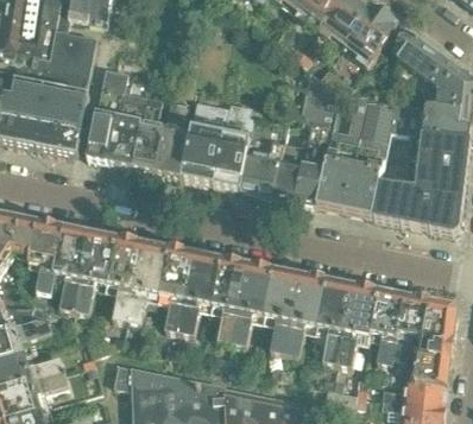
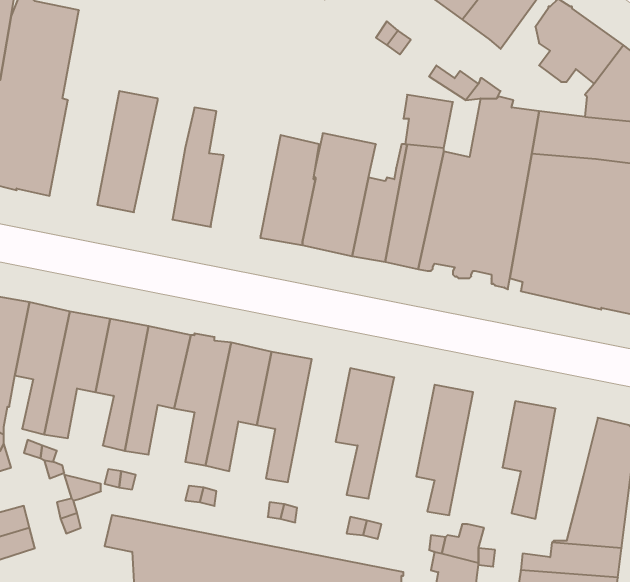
building: [87,67,127,164] -> none
building: [132,96,165,173] -> none
building: [182,101,228,185] -> none
building: [232,264,272,347] -> none
building: [284,276,327,357] -> none
building: [336,285,379,368] -> none
building: [393,296,433,363] -> none

